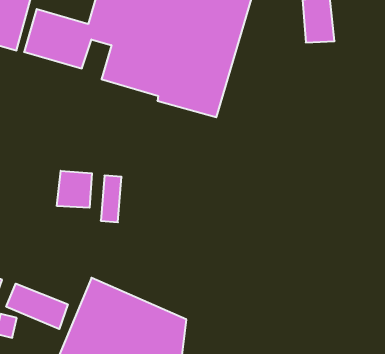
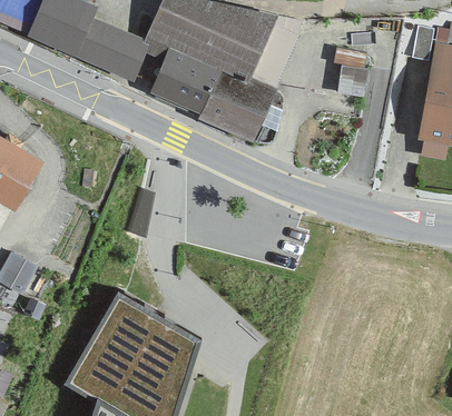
building: [57,171,92,208] -> none
building: [6,284,68,329] -> none

